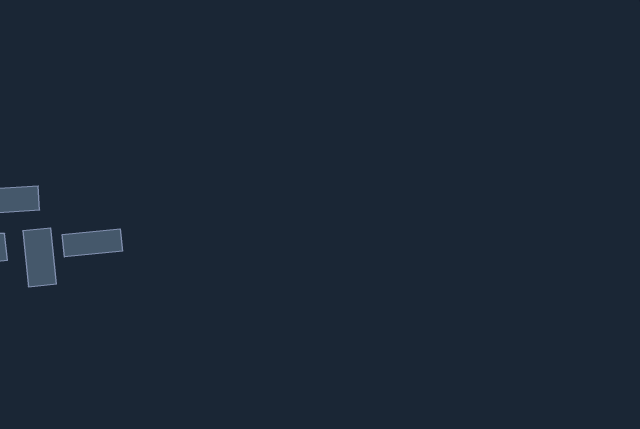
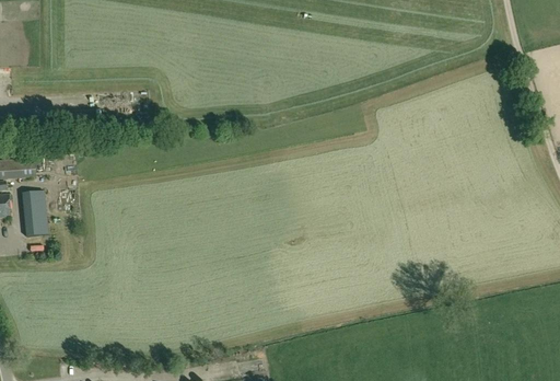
building: [62,229,122,257] -> none

